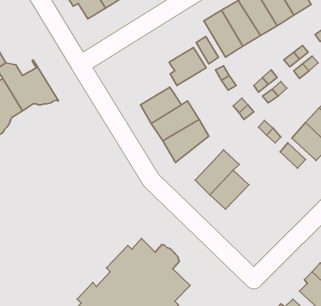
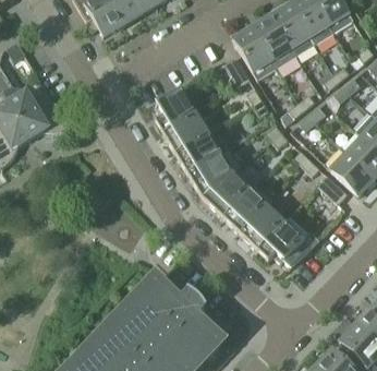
building: [169,47,206,85] -> [154,89,195,132]
building: none -> [202,172,250,216]
building: none -> [257,215,316,266]

